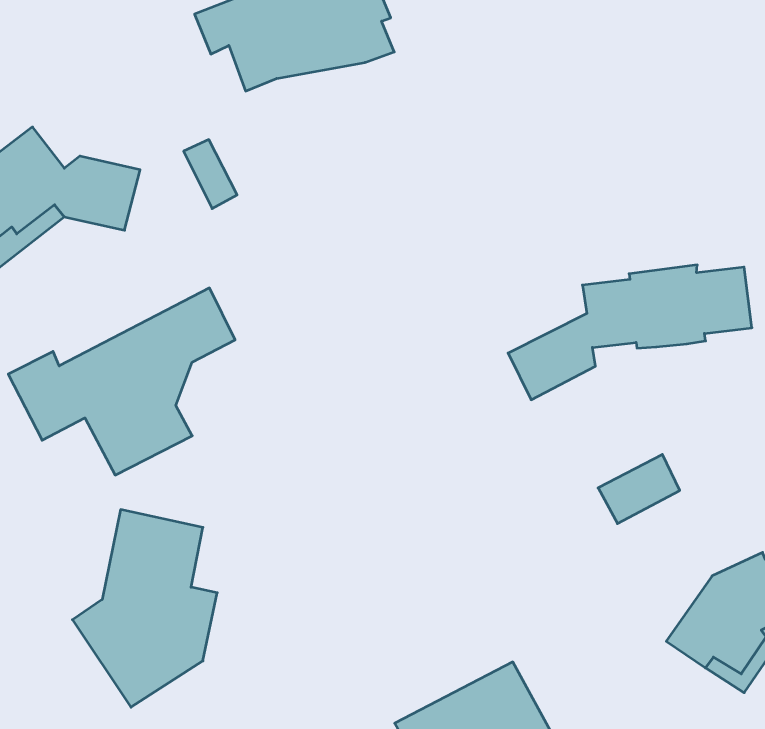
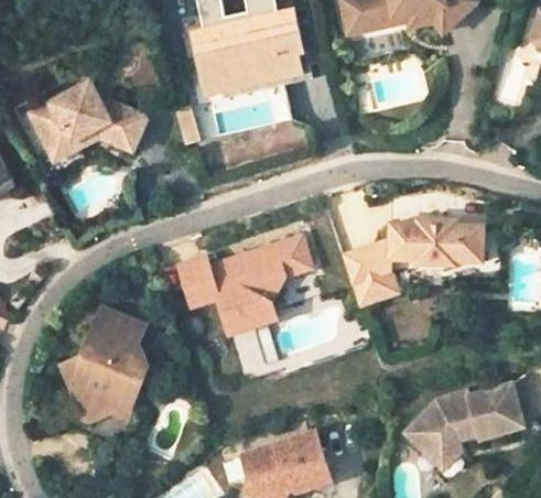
building: none -> [197,54,284,95]
building: [8,288,235,475] -> [177,231,310,329]
building: [598,454,680,524] -> [348,270,394,305]

